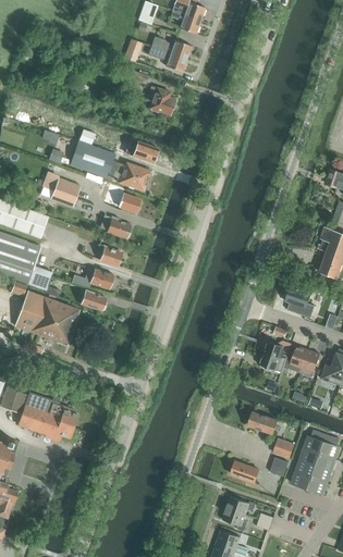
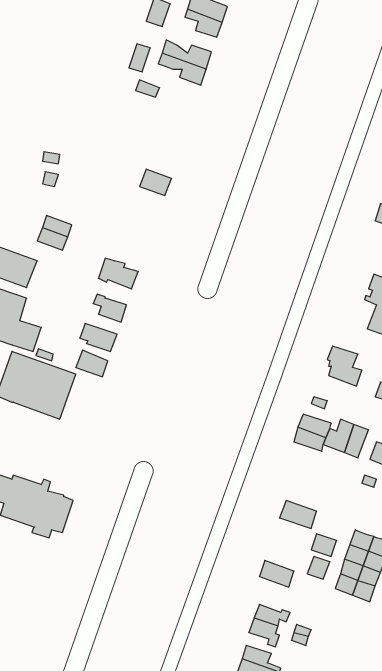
building: [148,87,175,115] -> none
building: [70,141,151,191] -> none
building: [106,185,140,213] -> none

